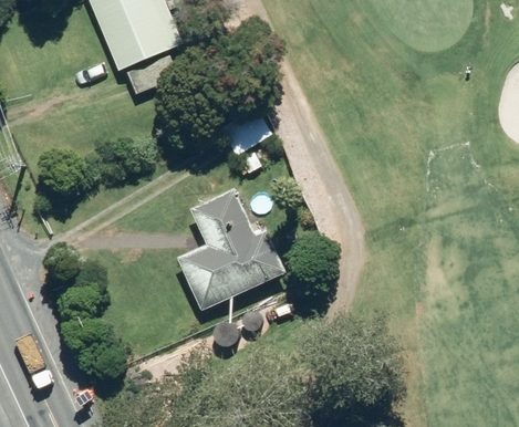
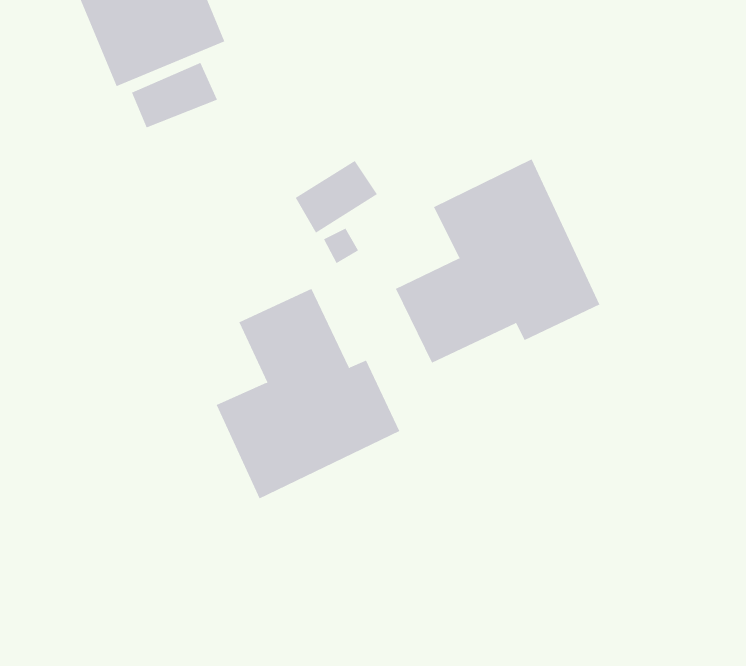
building: none -> [395,159,600,363]

